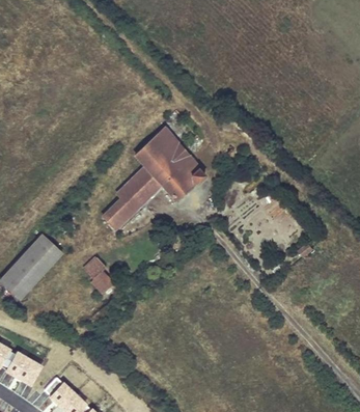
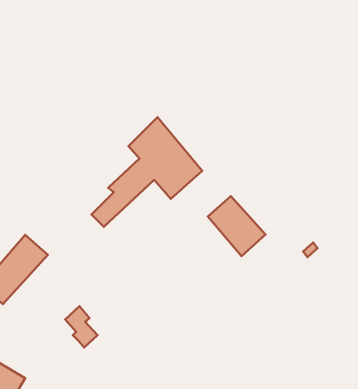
building: none -> [208,196,265,256]
building: [85,255,115,294] -> [65,306,98,347]

